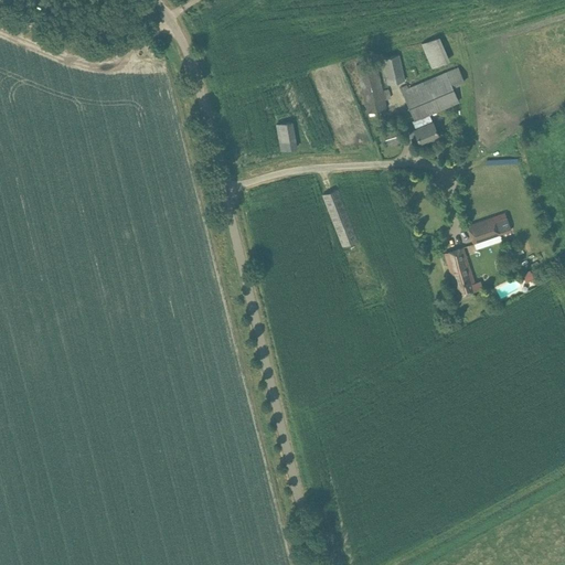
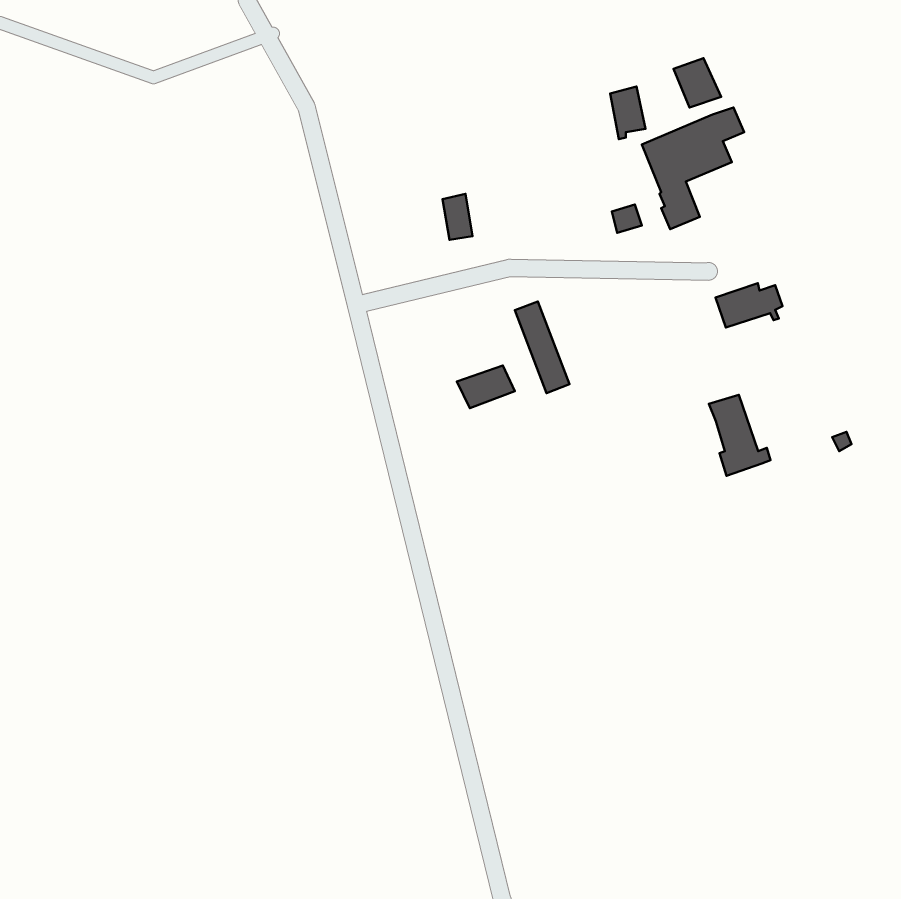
building: [356,62,391,114] -> none
building: [467,217,509,245] -> [715,283,782,327]
building: none -> [457,365,515,408]

